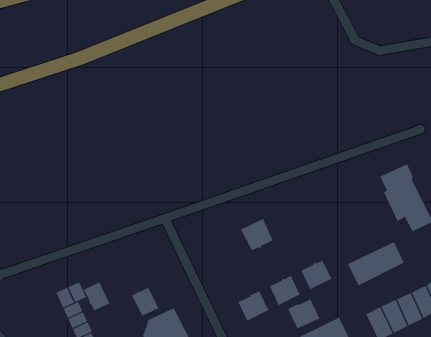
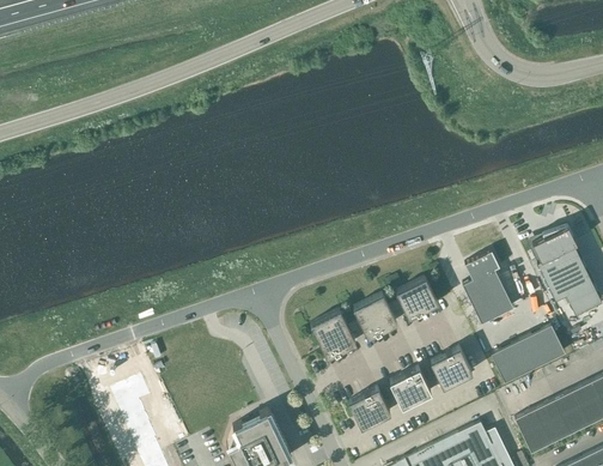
building: none -> [462,250,513,323]
building: none -> [396,278,438,317]
building: none -> [311,310,355,357]
building: [83,281,110,311] -> none
building: [131,287,159,316] -> none
building: [288,298,320,329] -> none

